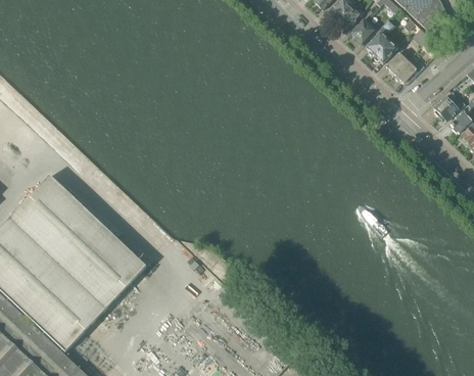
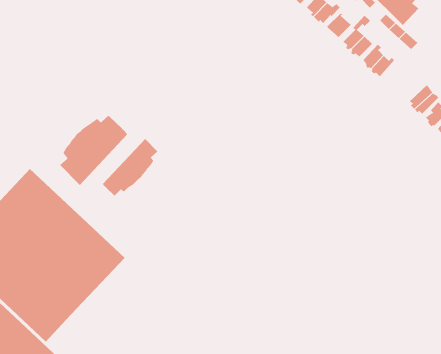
building: none -> [59,115,128,186]
building: none -> [102,138,158,196]

